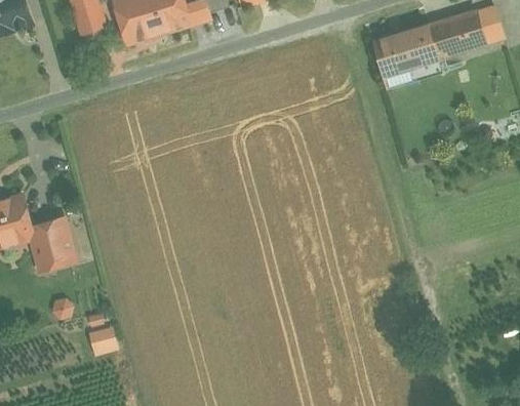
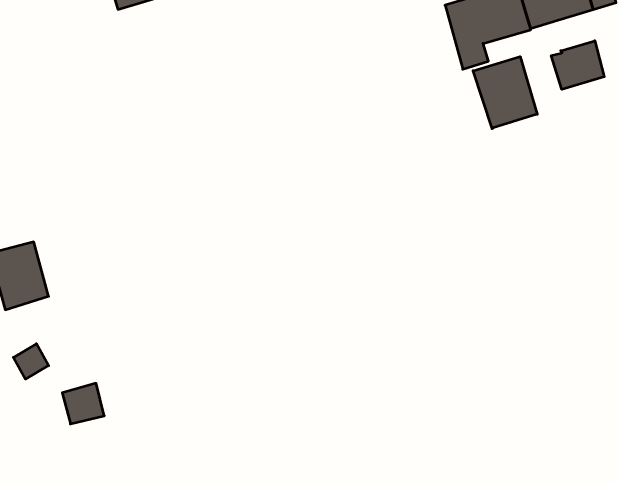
building: none -> [551,41,604,89]
building: none -> [473,57,537,129]

